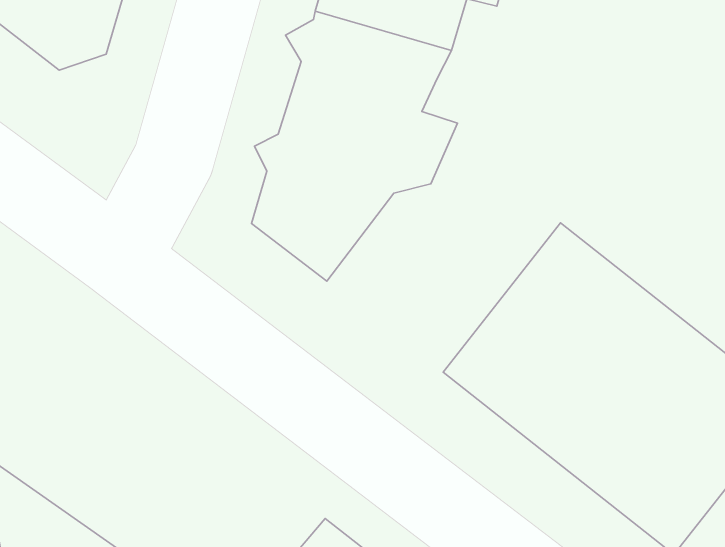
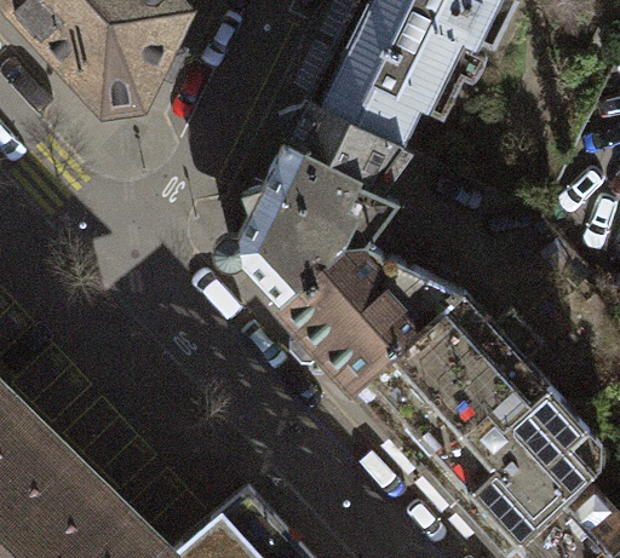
building: none -> [282,241,466,385]

